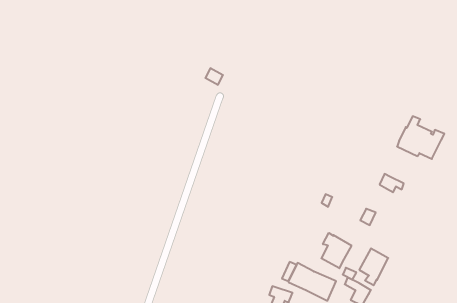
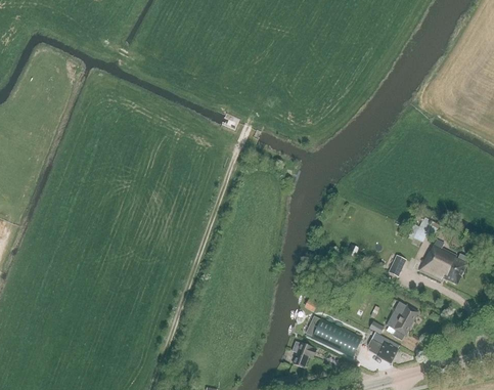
building: [397,116,444,159] -> [419,239,469,284]
building: [321,233,351,268] -> none

